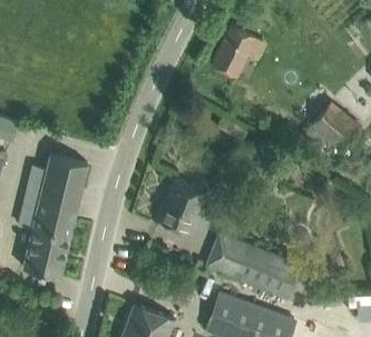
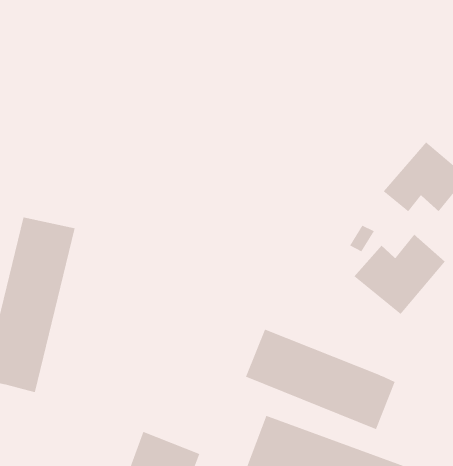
building: [211,23,270,77] -> none
building: none -> [354,234,446,315]
building: [156,177,207,235] -> none

